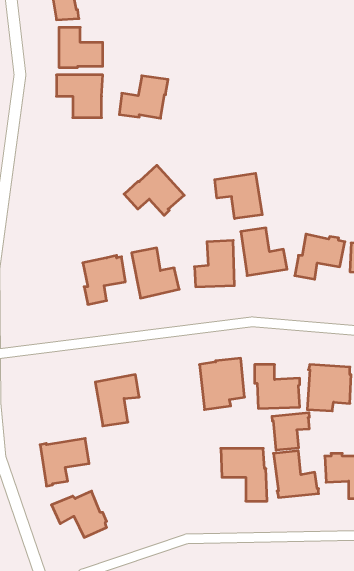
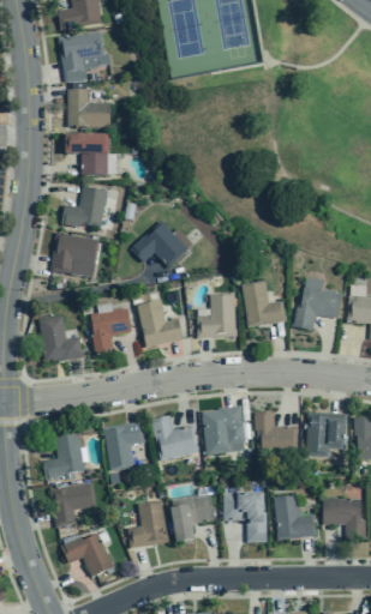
building: [119,76,168,118] -> [62,187,109,228]
building: [215,173,262,219] -> none
building: none -> [52,231,100,277]
building: none -> [40,315,85,362]
building: none -> [151,415,199,459]
building: none -> [43,433,85,478]
building: [272,413,309,450] -> none
building: none -> [172,493,215,543]
building: none -> [128,499,169,548]

